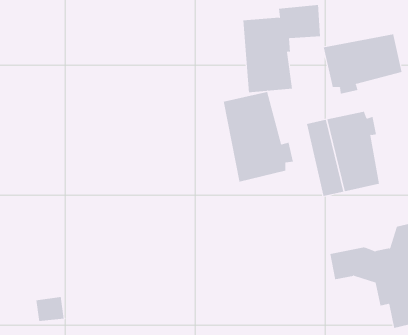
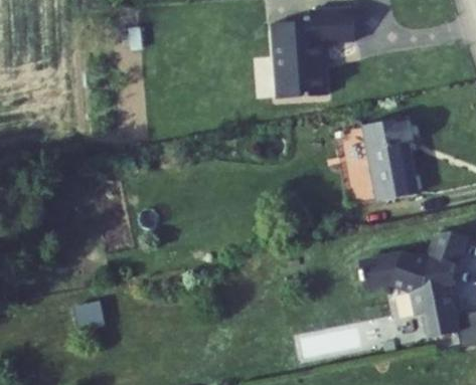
building: [323,34,402,95] -> none
building: [223,91,293,182] -> none

